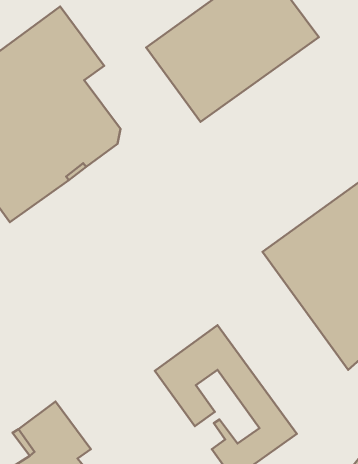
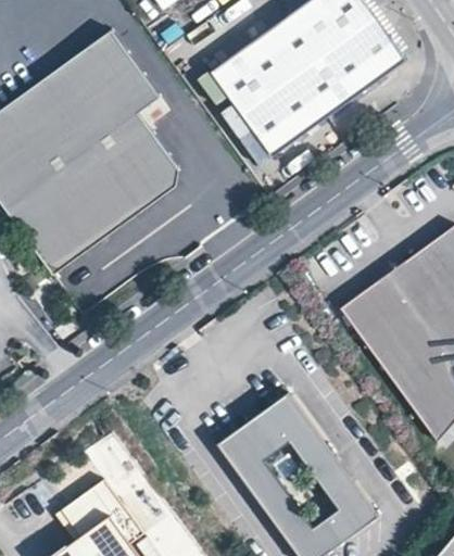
building: none -> [262,442,336,532]

